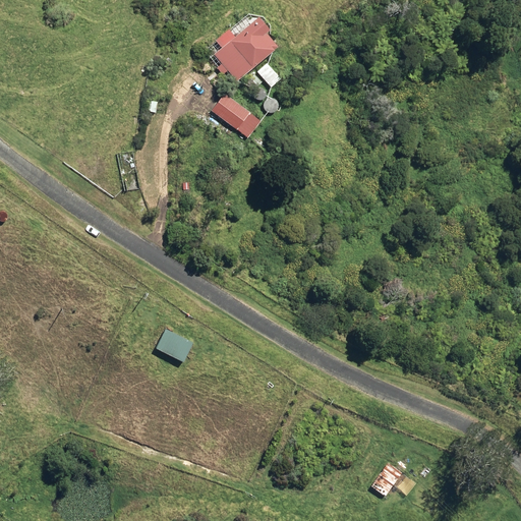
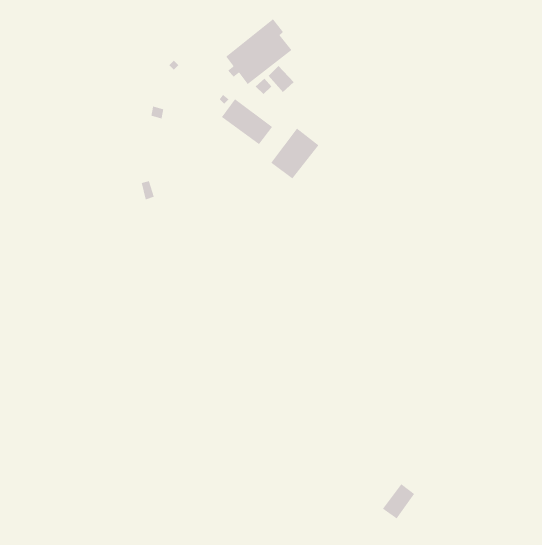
building: none -> [270,127,320,179]
building: [155,328,192,359] -> none

